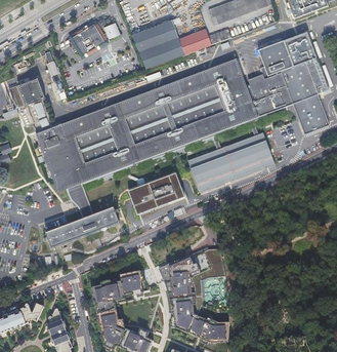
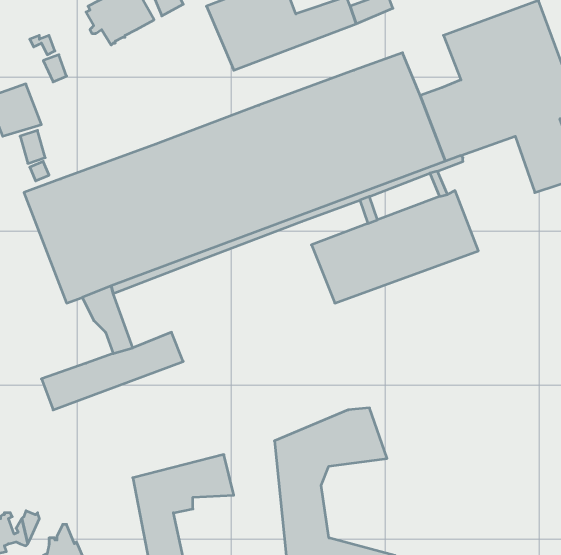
building: [127,171,184,216] -> none

